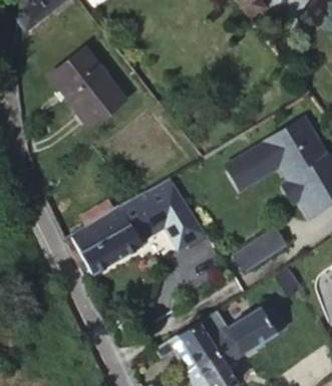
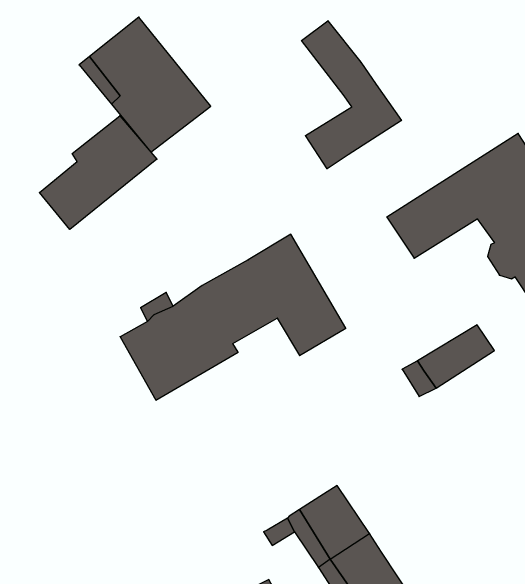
building: none -> [302,21,401,169]
building: none -> [39,116,157,229]
building: [199,303,285,363] -> none

